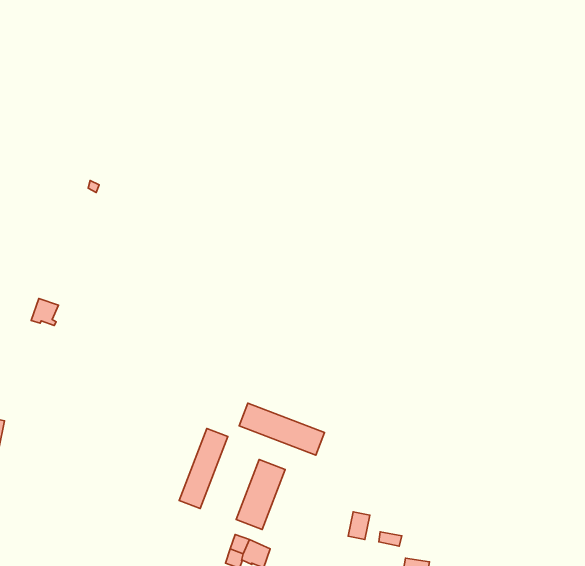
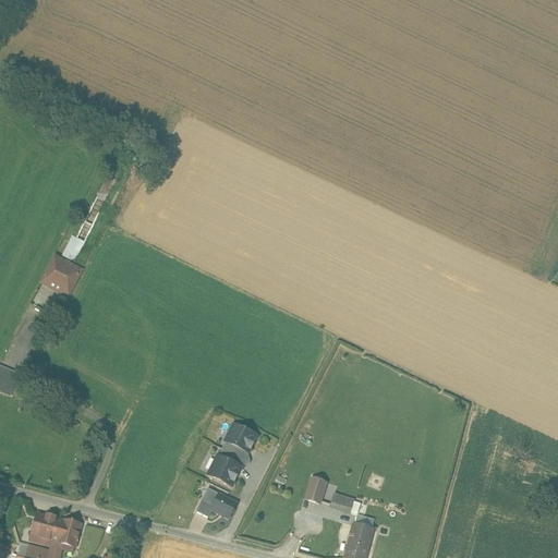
building: [239,403,324,455] -> none
building: [179,429,228,508] -> none

